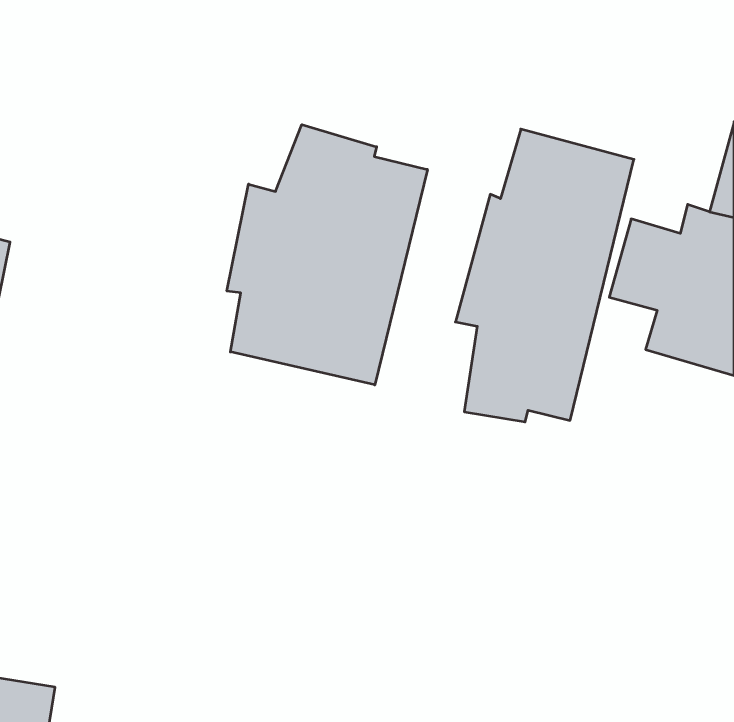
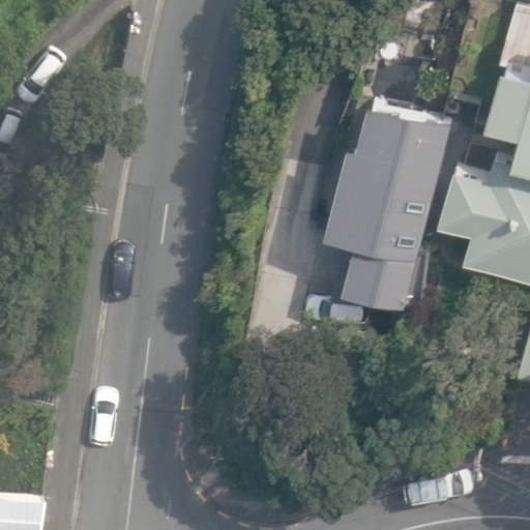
building: [227,125,427,385] -> none

